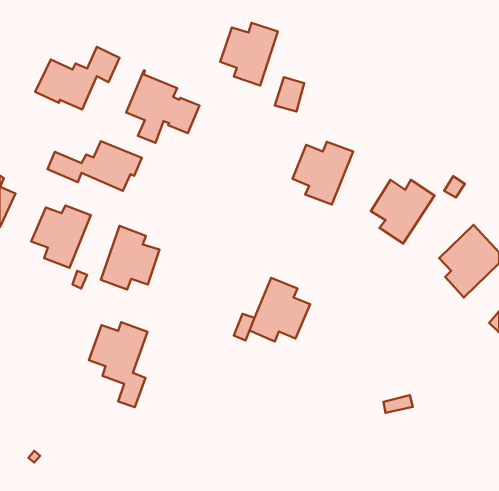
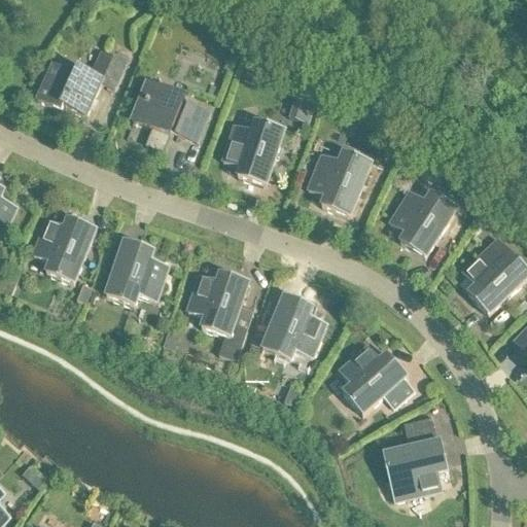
building: [220,23,278,85] -> [223,118,284,184]
building: [48,141,142,191] -> none
building: [89,322,148,407] -> [187,270,249,359]
building: none -> [339,344,414,413]
building: none -> [383,440,448,499]

